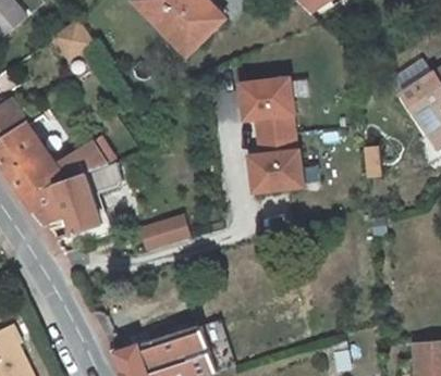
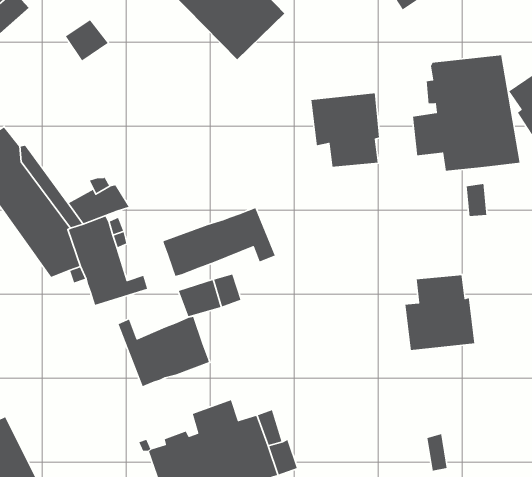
building: none -> [412,54,521,171]
building: [249,133,304,191] -> [404,275,475,351]
building: none -> [163,207,276,277]
building: none -> [117,316,210,387]

